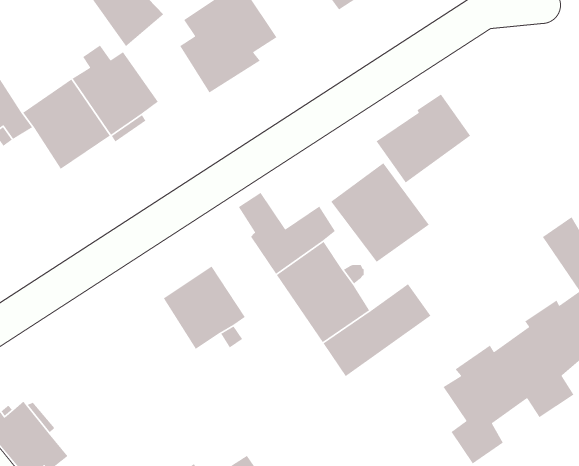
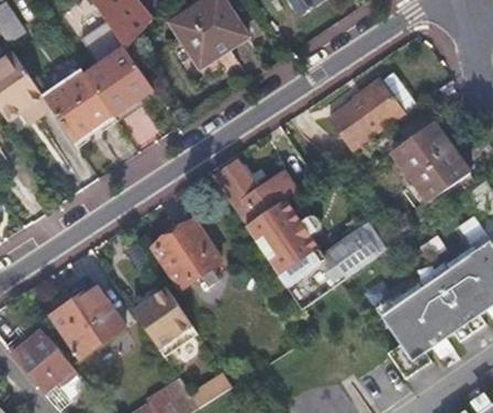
building: [330,162,430,263] -> [392,121,472,202]
building: none -> [52,283,125,356]
building: none -> [134,286,197,354]

